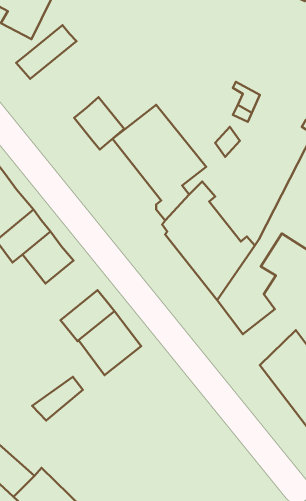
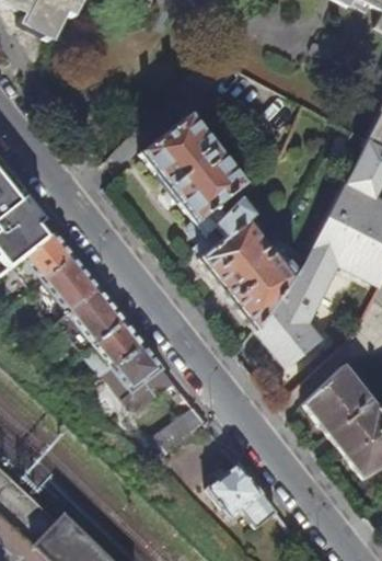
building: [16,25,77,79] -> none
building: [74,97,124,149] -> none
building: none -> [58,287,126,354]
building: [32,377,83,421] -> [150,407,206,455]
building: none -> [207,462,278,528]

